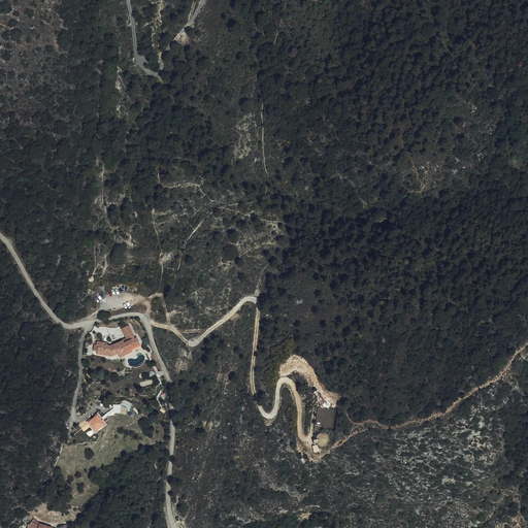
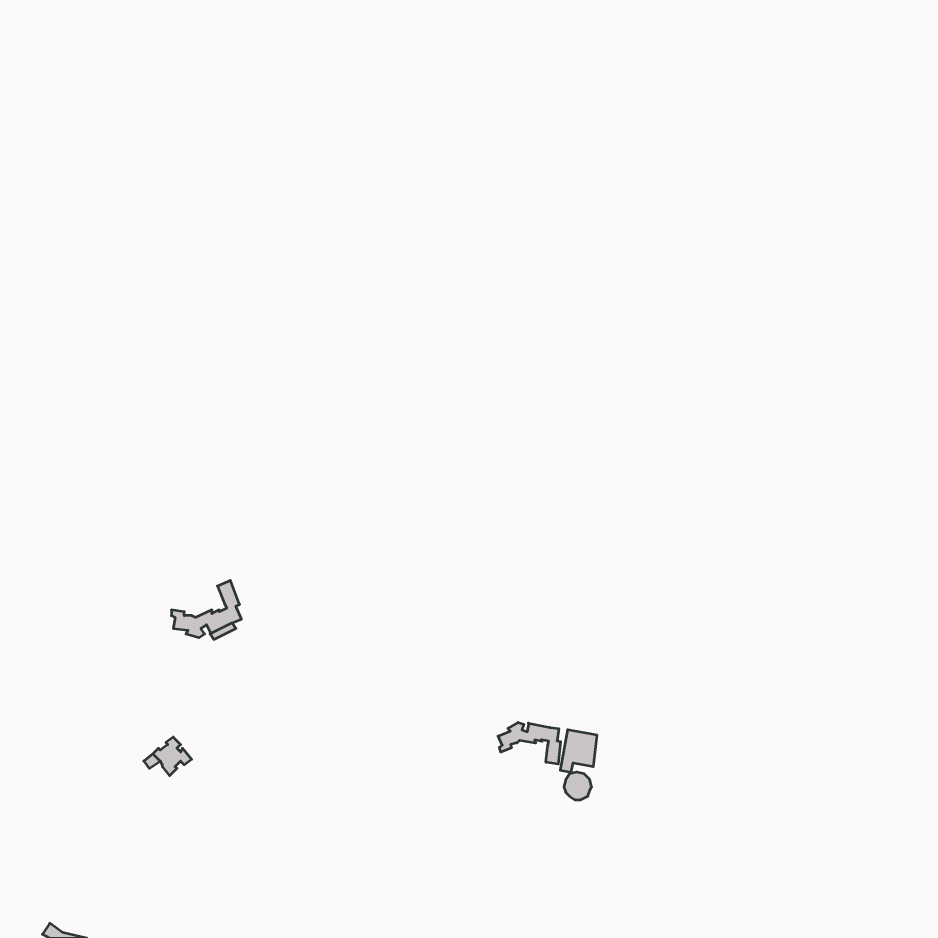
building: none -> [498,722,561,764]

